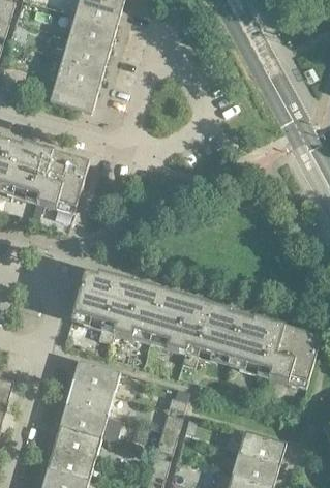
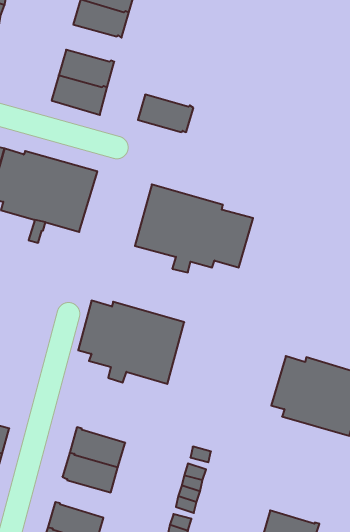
building: [62,35,110,67] -> [138,95,193,132]
building: [149,291,250,366] -> [135,184,253,272]
building: [71,359,120,394] -> none
building: [53,423,100,458] -> none
building: [237,430,286,463] -> none

